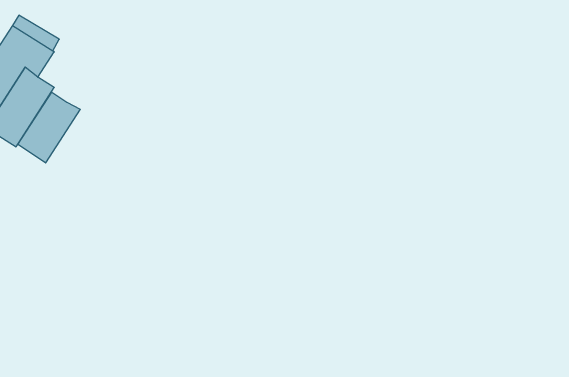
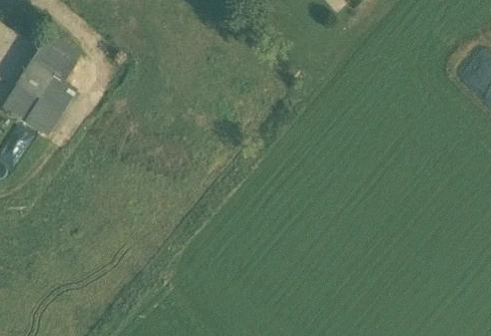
building: [18,92,80,163] -> none

